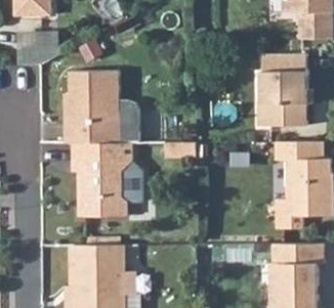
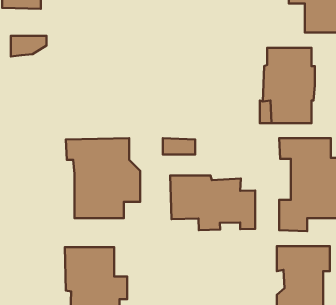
building: [65,70,137,141] -> none
building: none -> [170,175,255,230]

